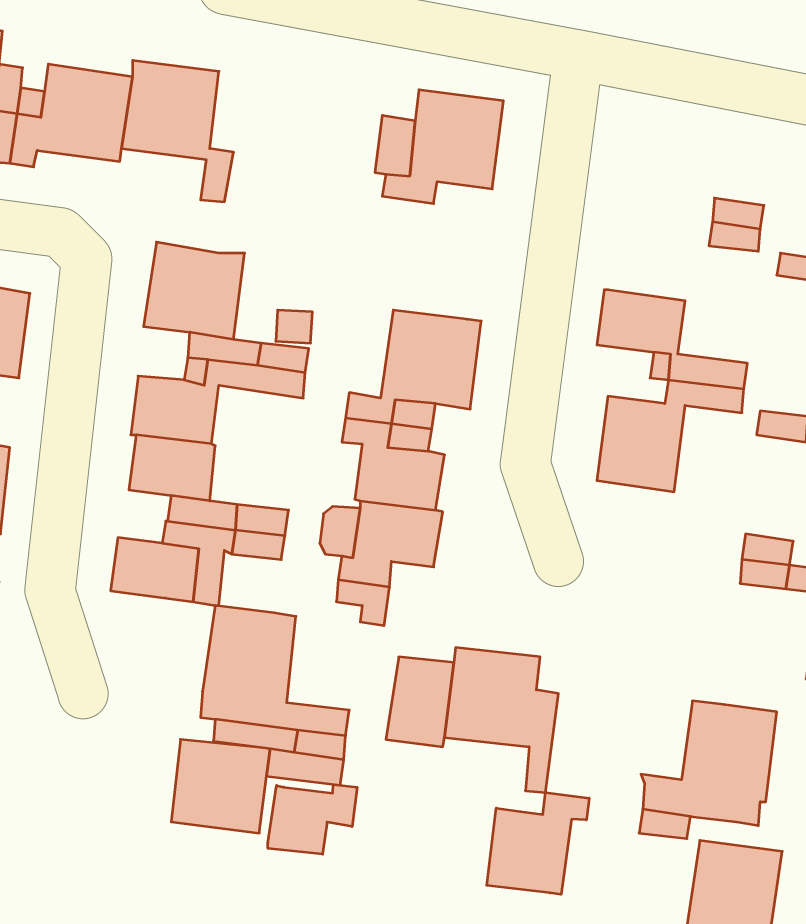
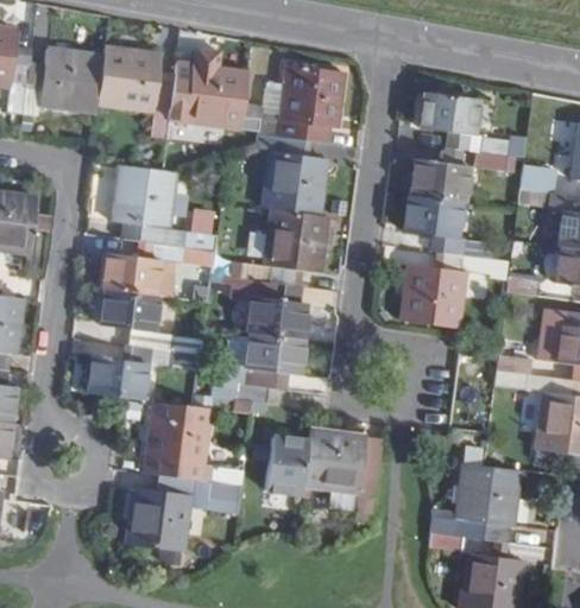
building: none -> [162,52,247,142]
building: none -> [421,91,477,135]
building: none -> [263,135,326,215]
building: none -> [410,159,468,203]
building: [268,785,357,854] -> none
building: [487,793,589,894] -> none

